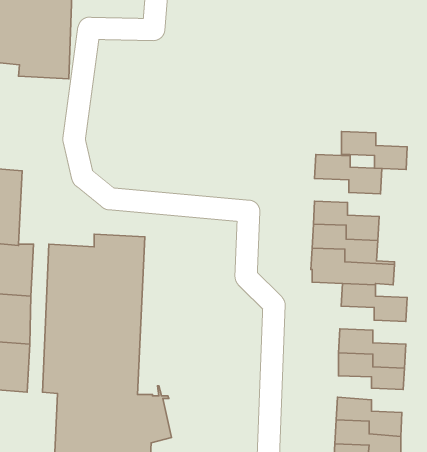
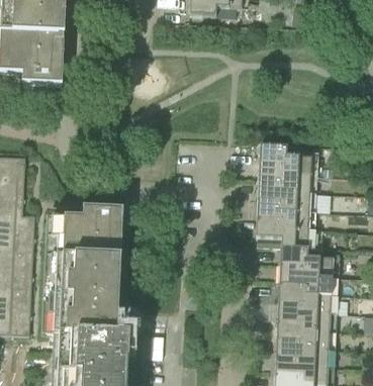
building: [341,132,407,169] -> [259,164,311,194]
building: none -> [279,266,332,296]
building: none -> [277,321,330,351]

